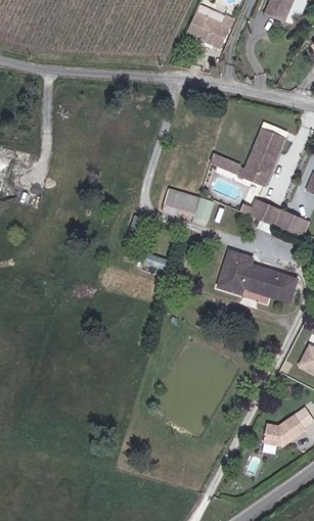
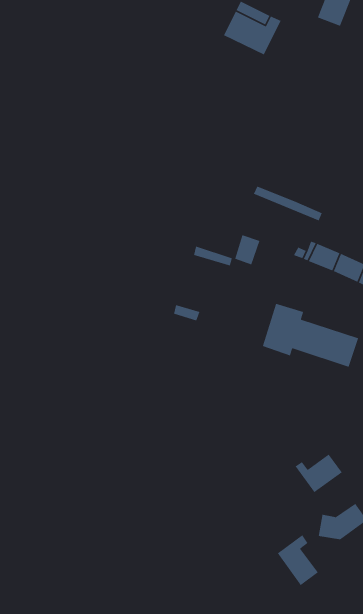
building: [246,129,283,177] -> none
building: [164,188,199,214] -> none
building: none -> [294,453,343,493]
building: none -> [277,534,319,586]

